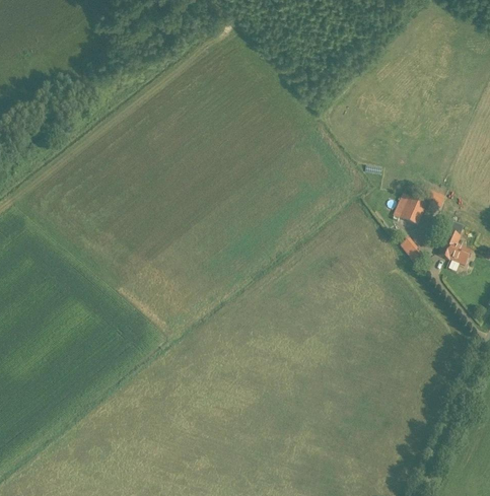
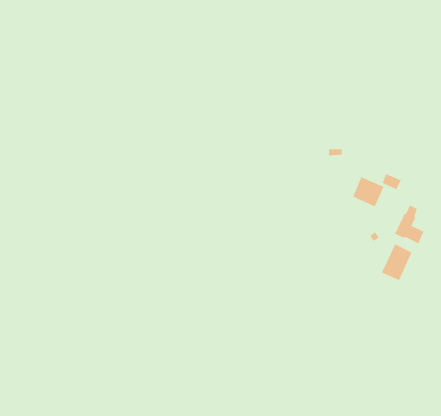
building: none -> [381,243,413,281]

